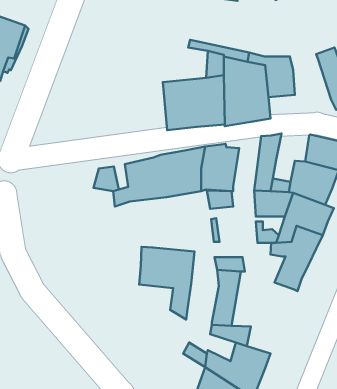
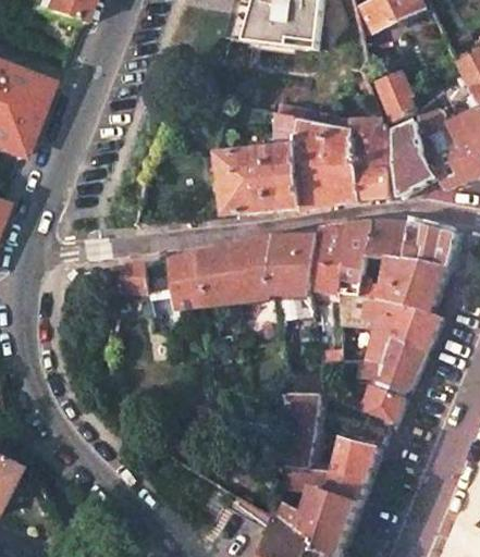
building: none -> [376,70,416,121]
building: none -> [402,122,438,195]
building: none -> [357,169,391,199]
building: none -> [367,219,409,255]
building: none -> [311,222,347,292]
building: [139,247,195,319] -> none
building: none -> [329,434,380,502]

